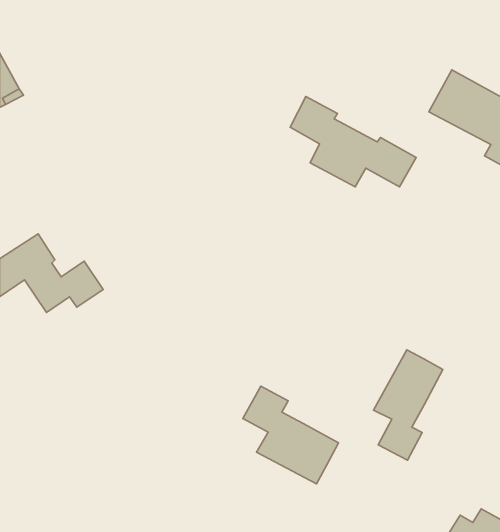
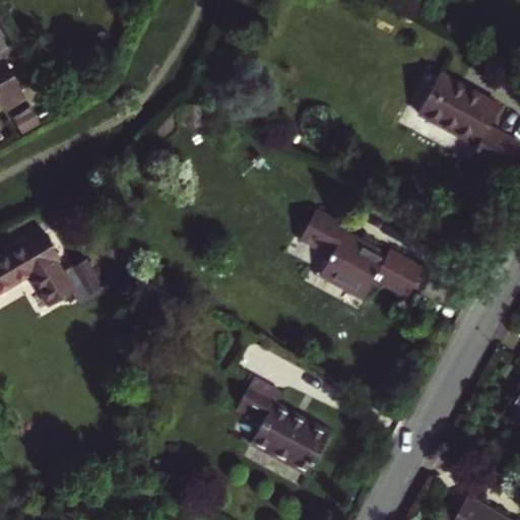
building: [290,97,416,187] -> [303,208,425,296]
building: [374,350,443,460] -> none

